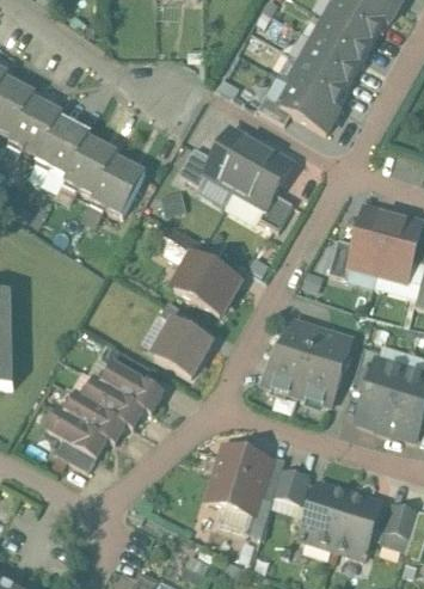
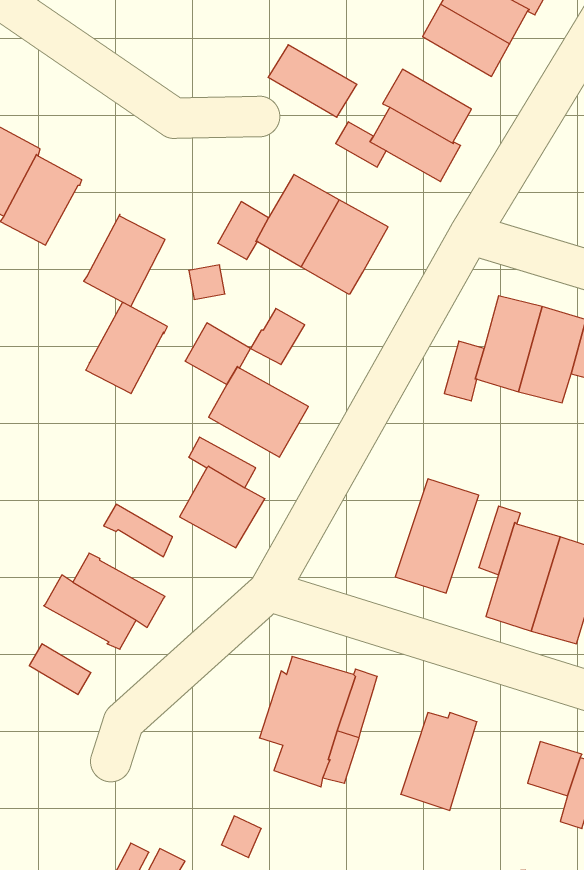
building: [300,38,358,86] -> [268,45,357,117]
building: [62,136,116,196] -> [86,303,167,394]
building: [257,194,293,231] -> [250,308,305,365]
building: [260,323,317,394] -> none
building: [100,363,161,412] -> none
building: [44,409,106,458] -> none
building: [272,468,308,504] -> none
building: [331,490,380,558] -> none

